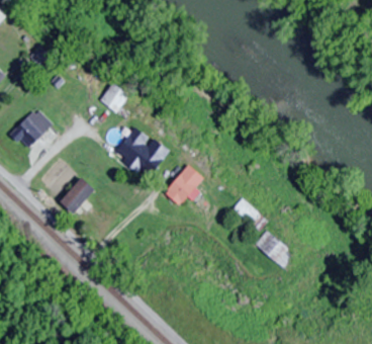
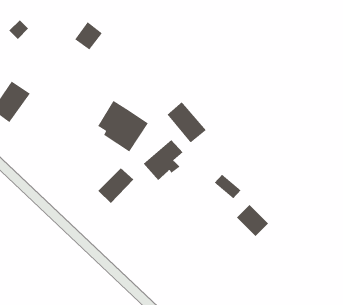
building: [100,83,128,112] -> [74,21,103,51]
building: none -> [166,101,207,143]
building: [59,178,95,214] -> [97,167,134,204]

